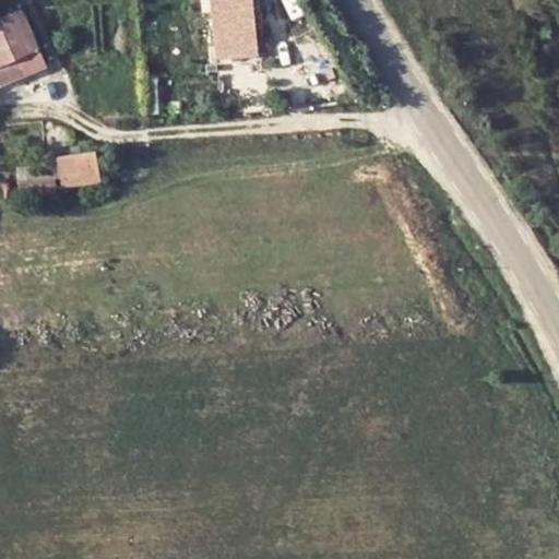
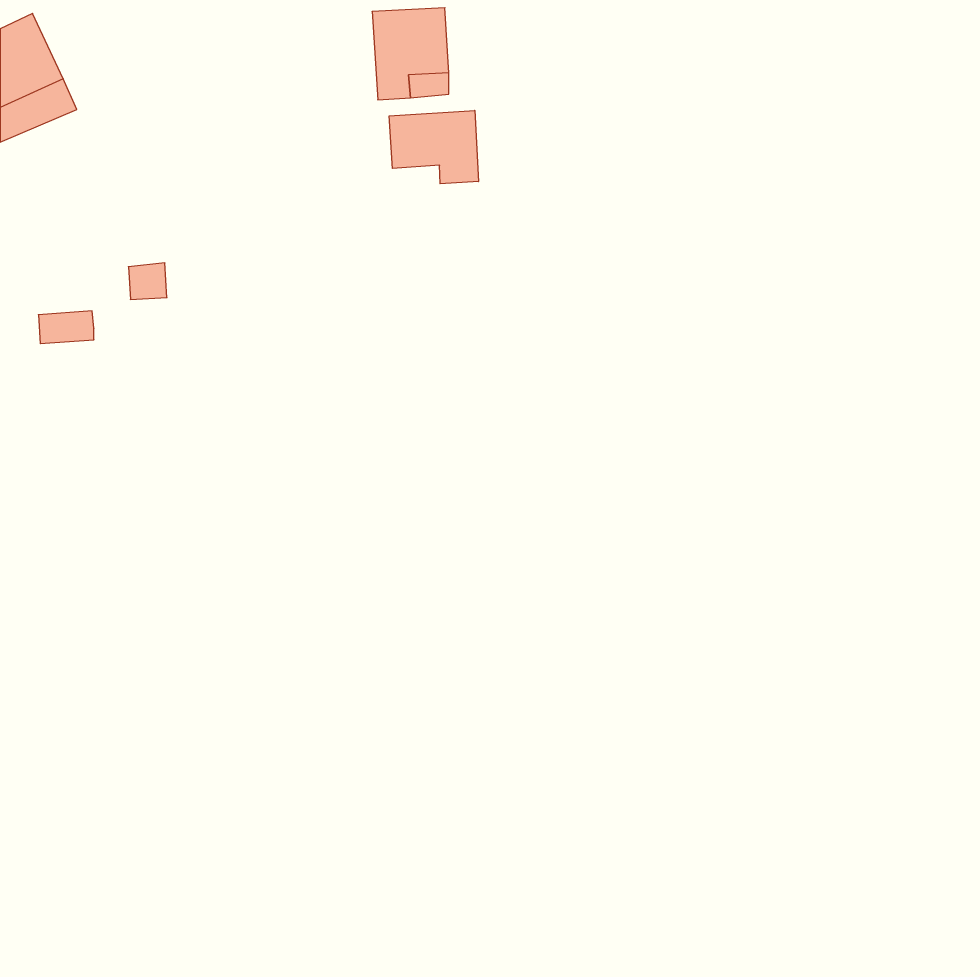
building: none -> [389,110,478,184]

